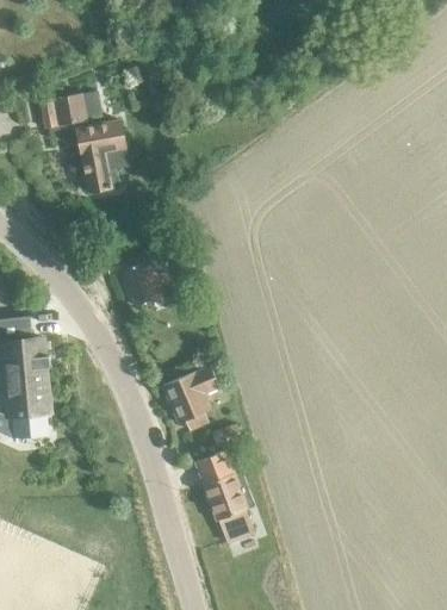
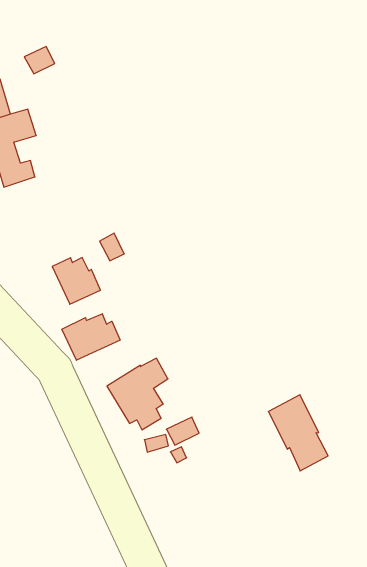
building: none -> [62,314,120,360]
building: [203,472,253,542] -> [268,395,328,471]

